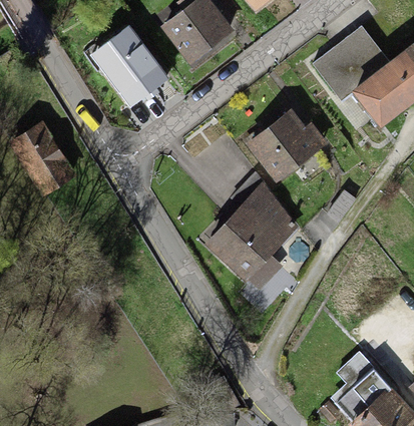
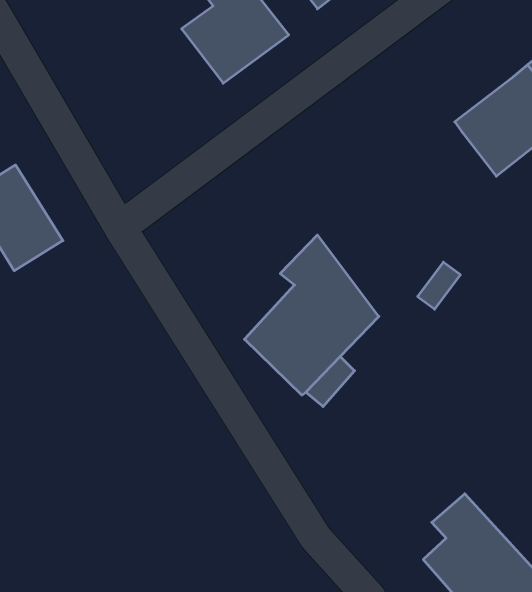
building: [312,24,391,100] -> none
building: [89,26,169,108] -> none
building: [244,107,328,183] -> none

